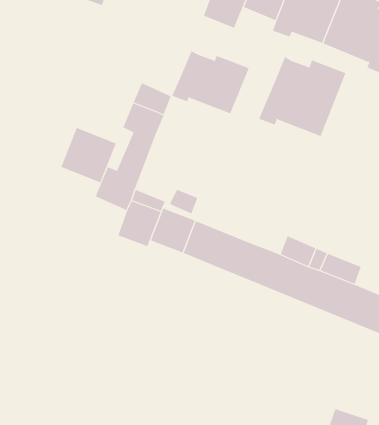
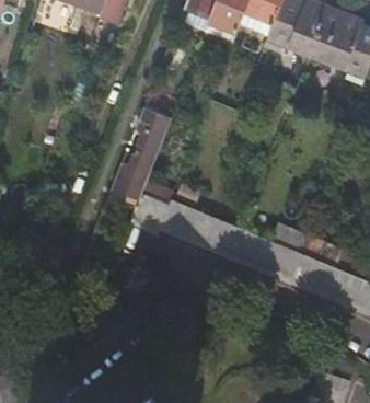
building: [172,51,249,114] -> none
building: [258,56,346,137] -> none
building: [60,127,117,183] -> none

